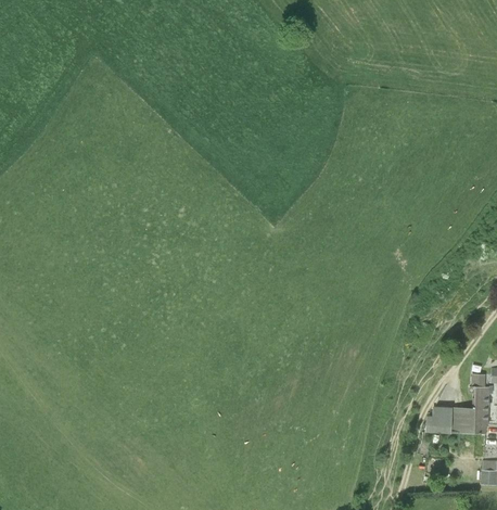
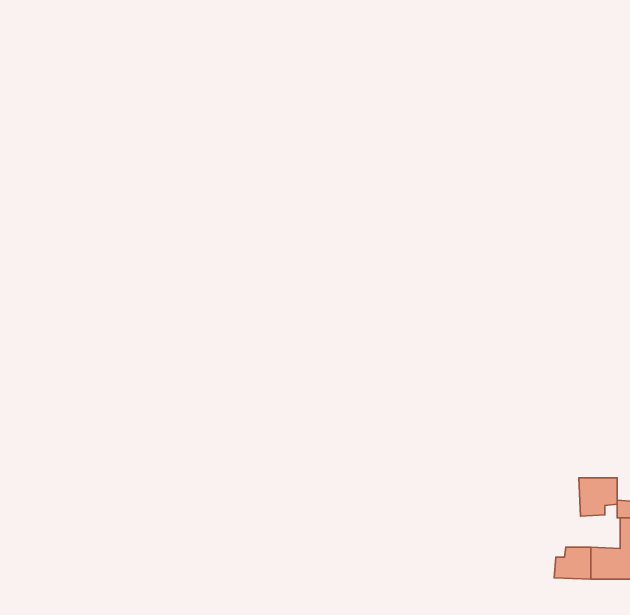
building: none -> [579,478,617,516]

